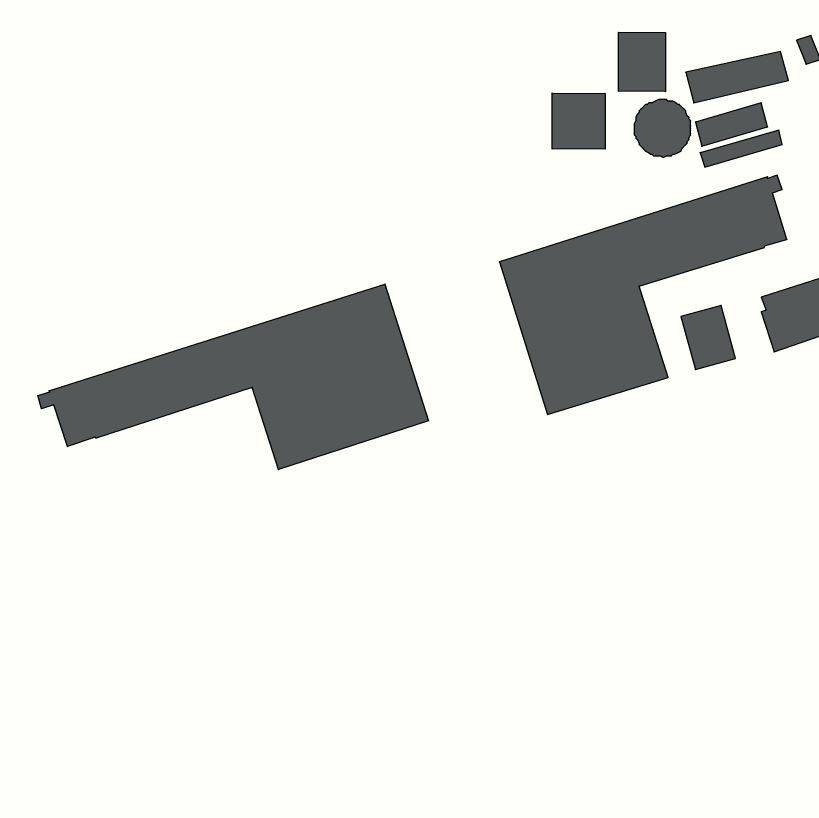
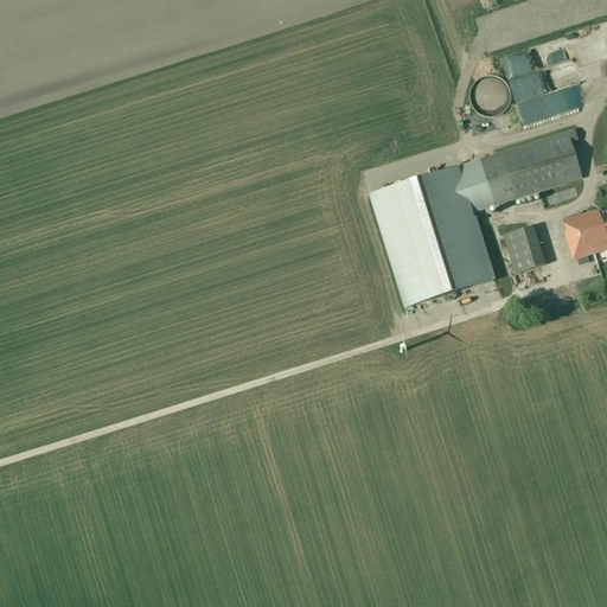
building: [618,32,665,92] -> none
building: [552,93,605,149] -> none
building: [38,284,429,470] -> none

